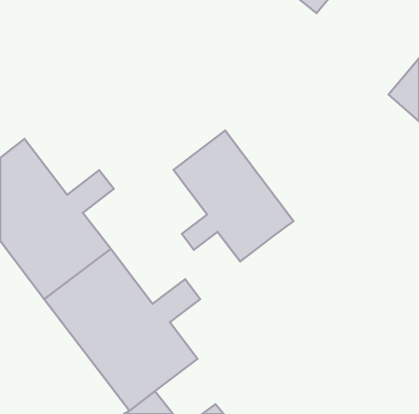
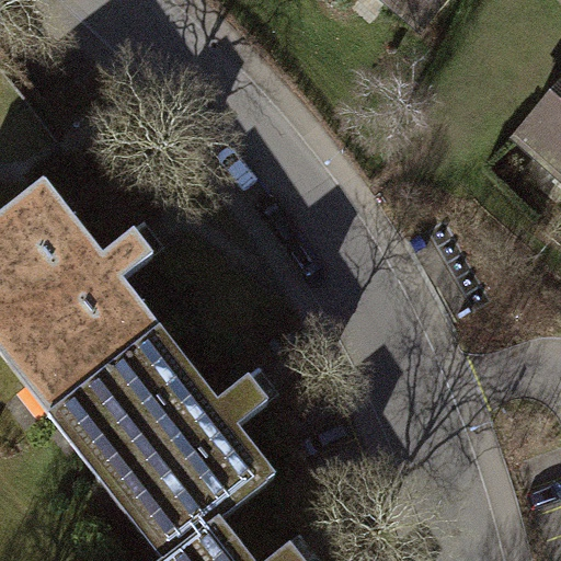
building: [174,130,293,262] -> none

